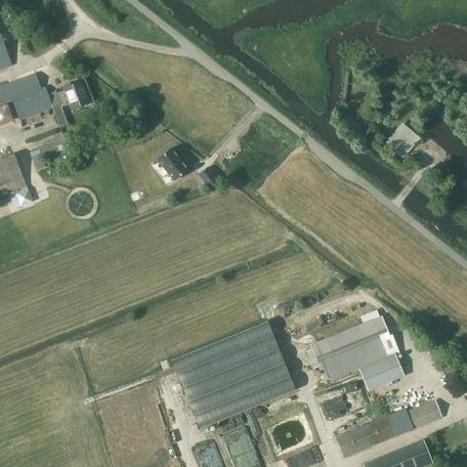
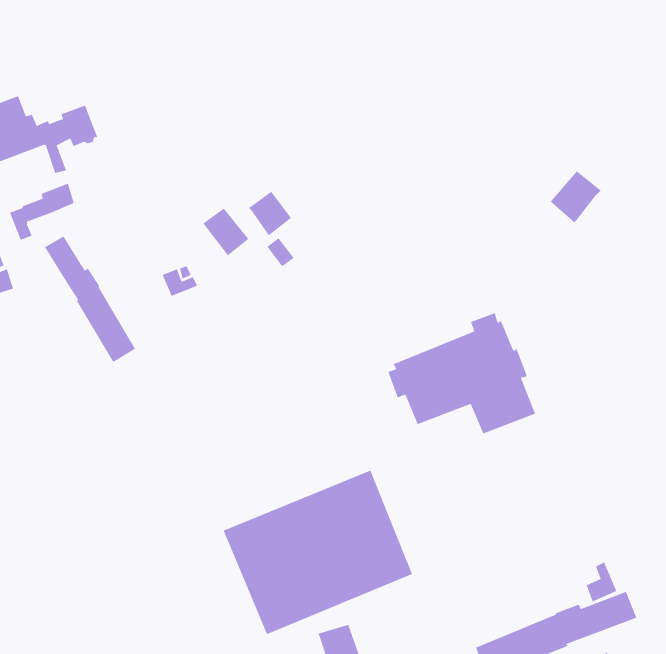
building: none -> [248,191,292,236]
building: none -> [44,235,136,363]
building: [306,310,404,390] -> [388,313,536,434]

